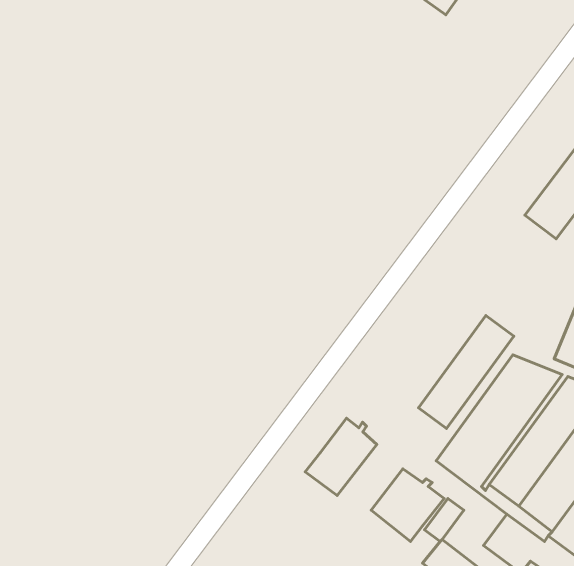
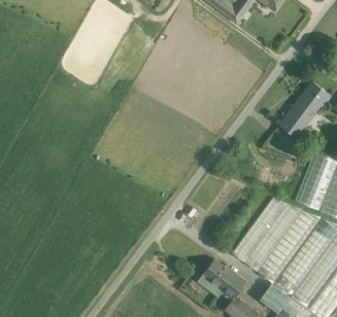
building: [418,316,514,428] -> none
building: [305,418,377,495] -> none

